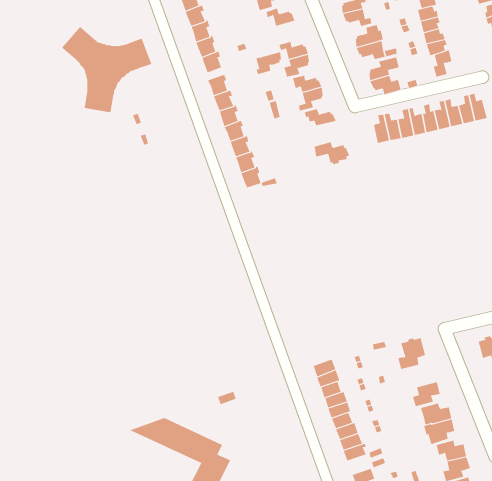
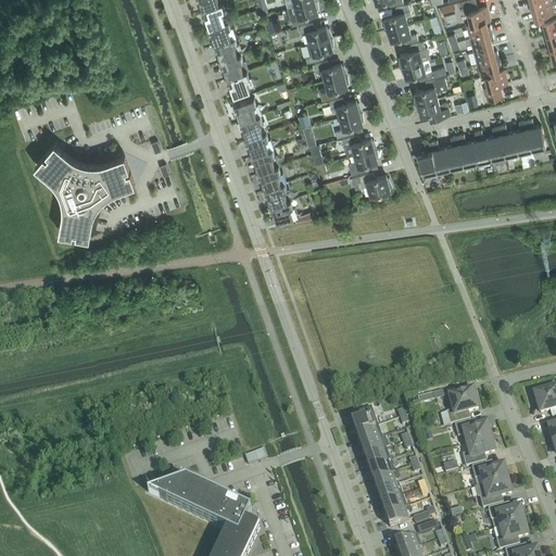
building: [61,26,152,113] -> [34,141,135,238]
building: [255,51,282,75] -> [304,37,333,63]
building: none -> [348,149,378,175]
building: none -> [454,420,490,445]

